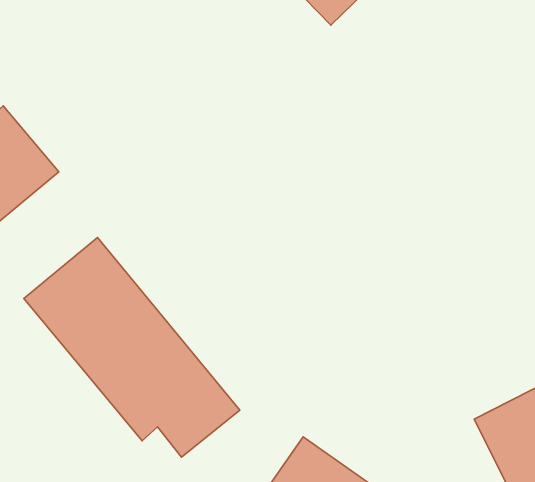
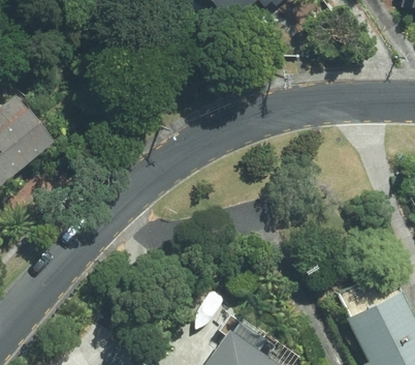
building: [24,237,240,457] -> none

